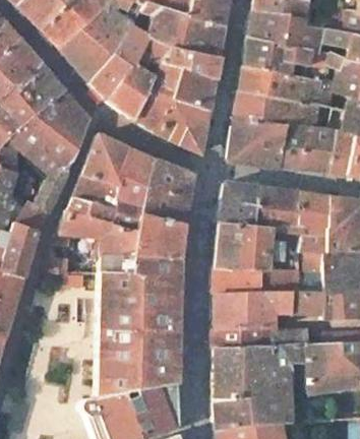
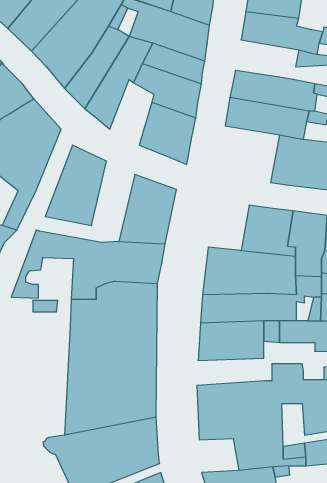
building: [246,39,303,74] -> none
building: [133,74,173,133] -> none
building: [230,116,286,167] -> none
building: [70,147,156,221] -> none
building: [222,182,258,228] -> none
building: [212,324,273,349] -> none
building: [214,396,249,427] -> none

